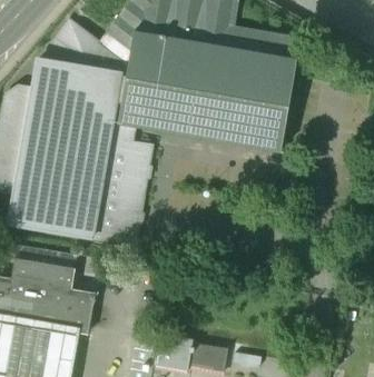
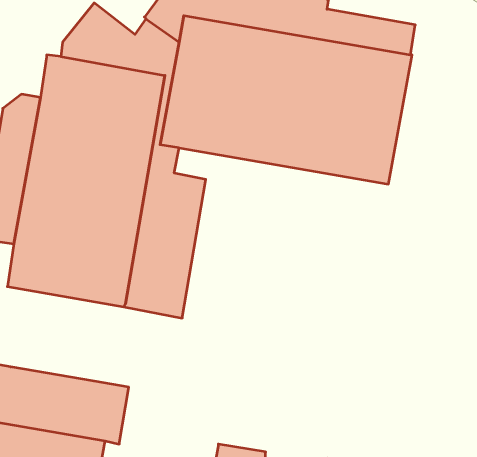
building: [12,257,76,288] -> none

